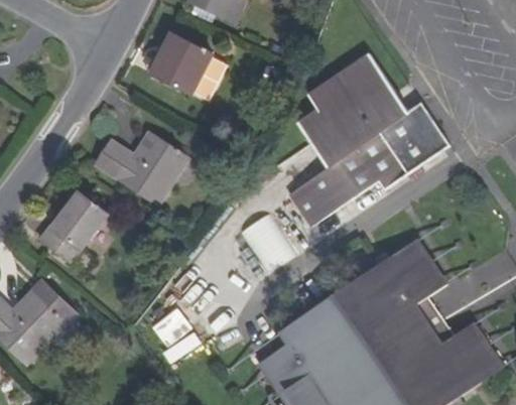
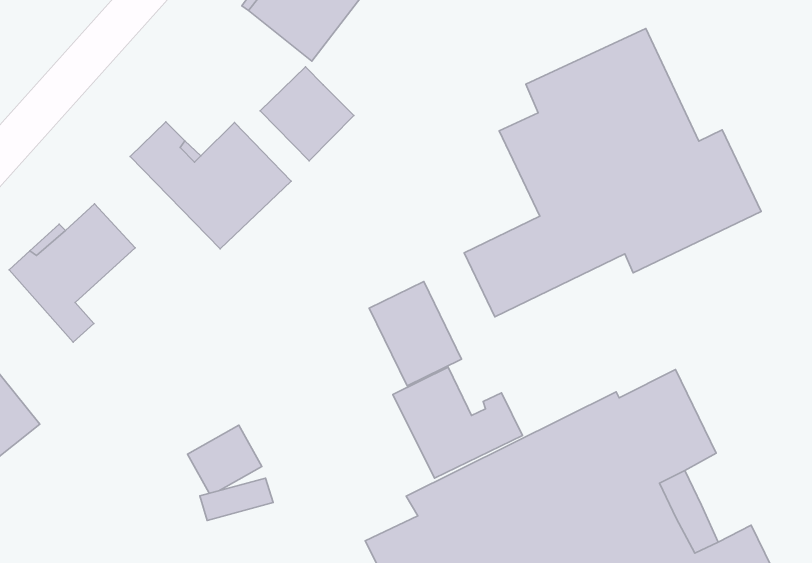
building: none -> [260,67,354,161]
building: none -> [393,367,522,478]

